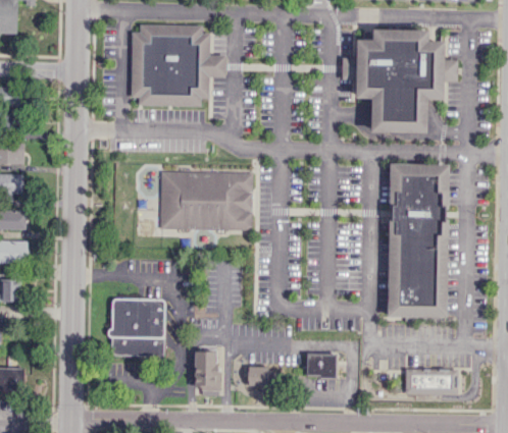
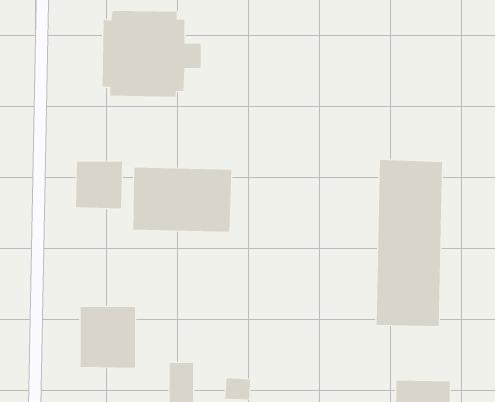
building: [356,29,456,130] -> none
building: none -> [75,161,123,209]
building: [305,355,337,377] -> none

